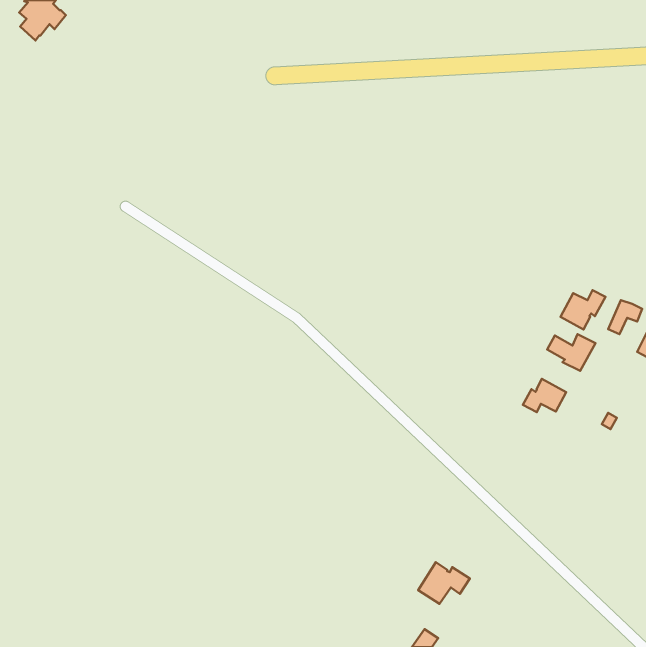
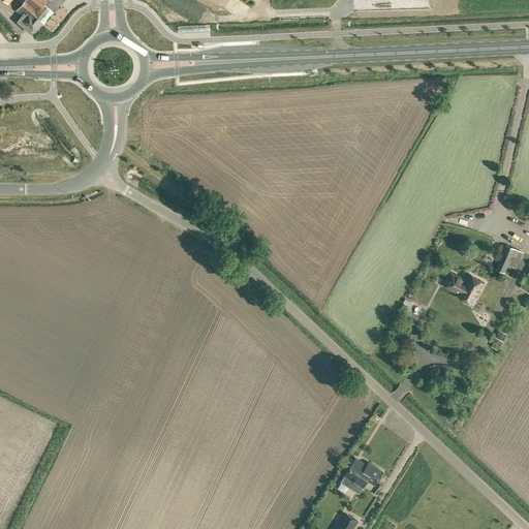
building: [560,290,605,330] -> none
building: [523,379,566,412] -> none

